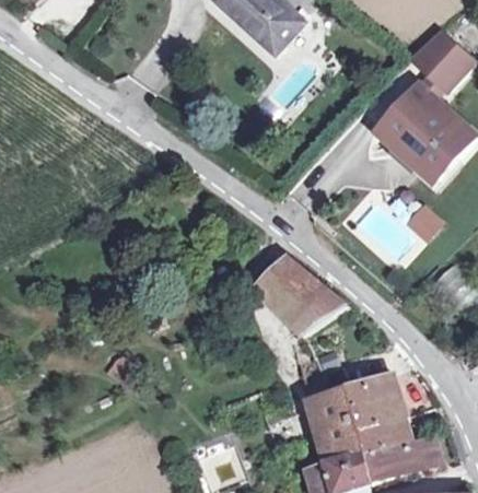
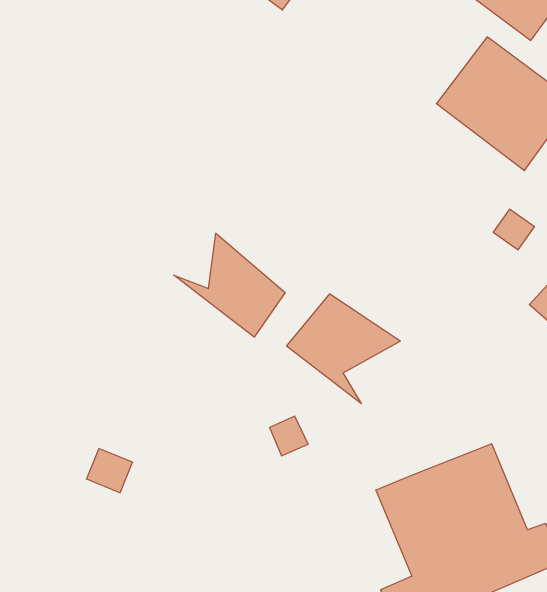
building: none -> [174,233,285,337]
building: [290,294,345,336] -> none

